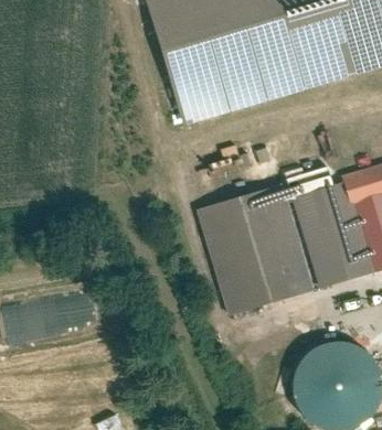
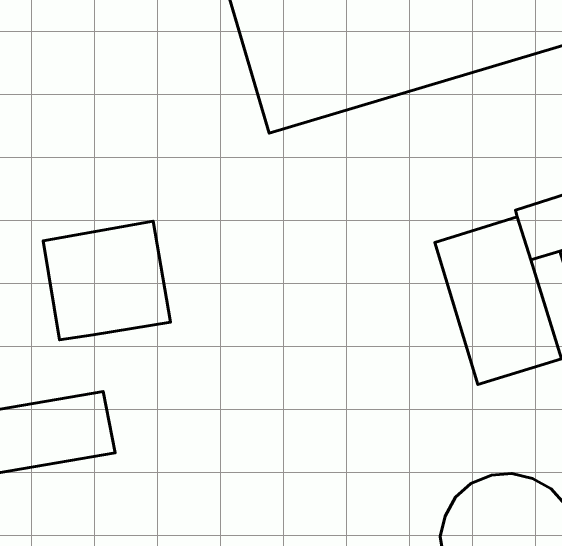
building: none -> [43,221,170,340]
building: [195,186,312,316] -> none

